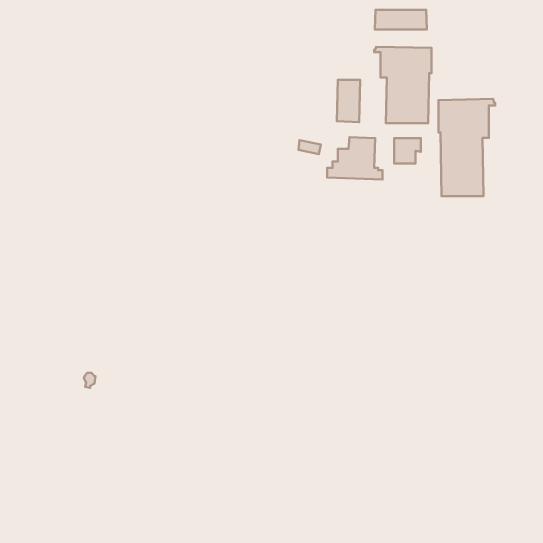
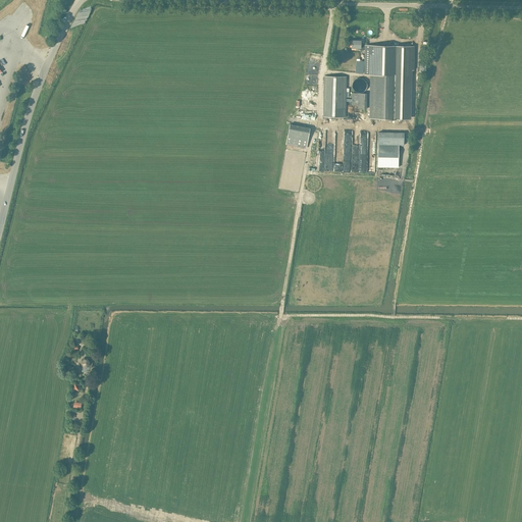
building: [375,10,427,30] -> none
building: [438,99,495,196] -> none

